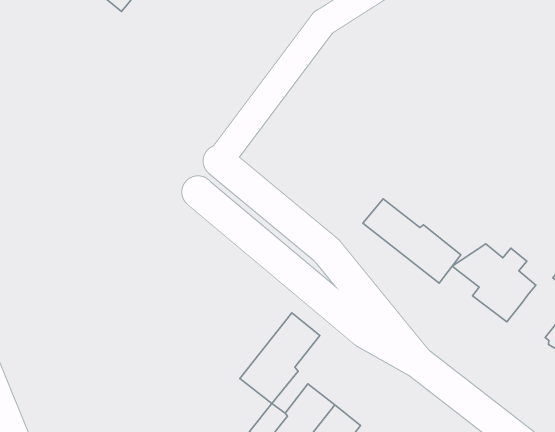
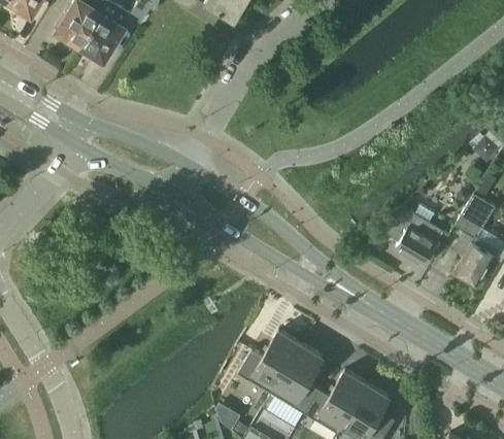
building: [363,199,461,283] -> none
building: [240,313,320,403] -> none

